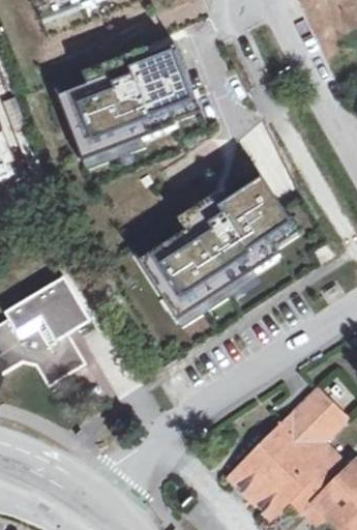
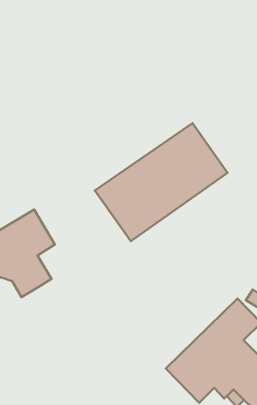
building: [56,36,216,170] -> none

